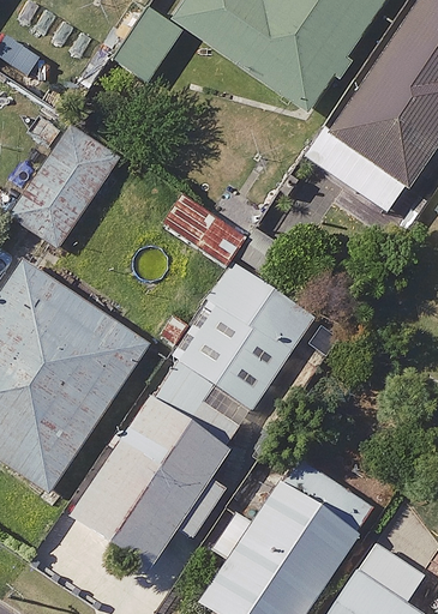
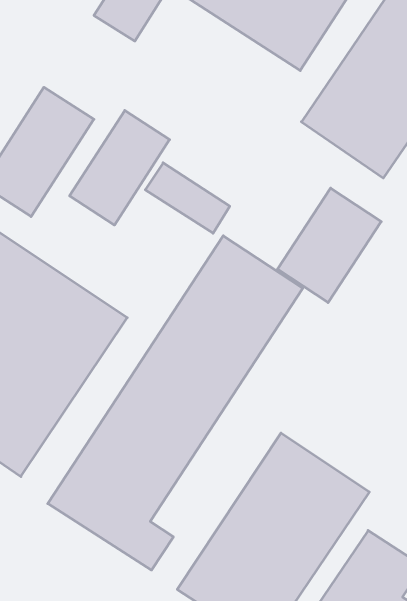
building: none -> [70,110,170,225]
building: none -> [277,188,381,303]

